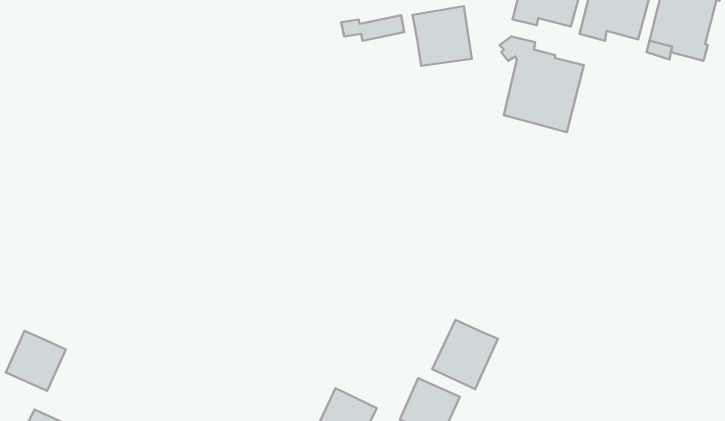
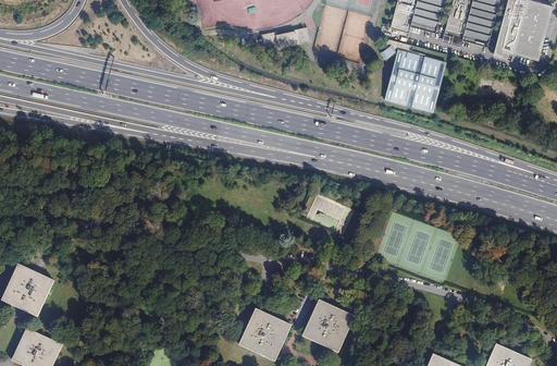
building: [413,6,472,66] -> none
building: [432,320,498,389] -> none

